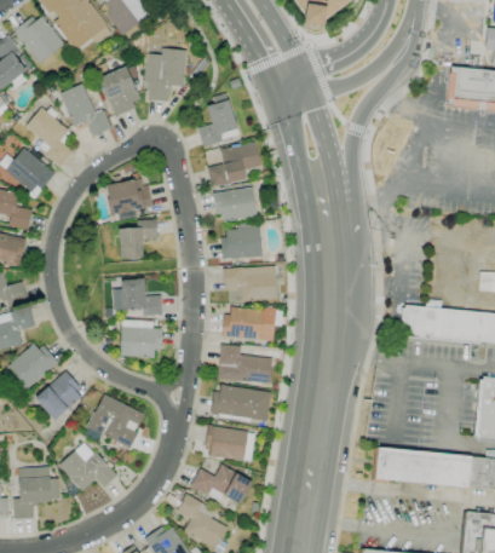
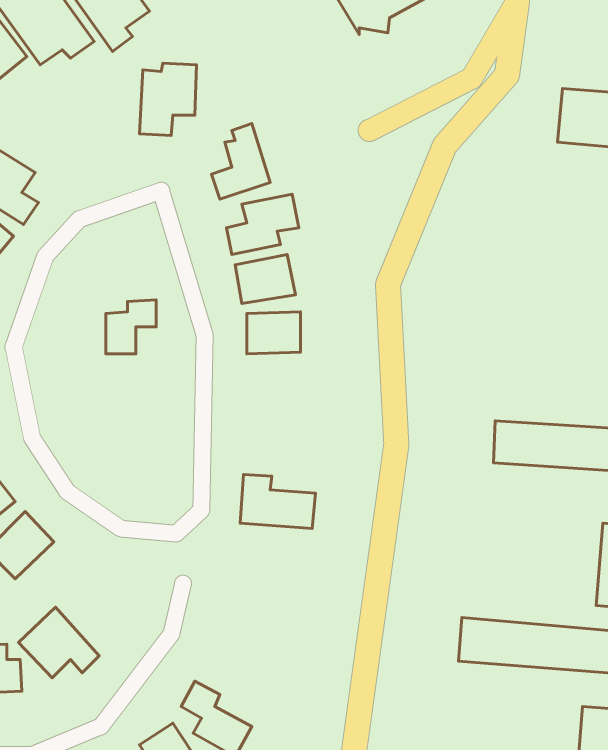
building: [98,67,142,115] -> none
building: [59,82,111,136] -> none
building: [107,179,150,213] -> none
building: [224,266,277,300] -> none
building: [113,278,162,315] -> none
building: [223,305,276,341] -> none
building: [120,321,160,358] -> none
building: [212,384,271,421] -> none
building: [87,394,145,447] -> none
building: [206,427,254,461] -> none
building: [190,463,253,503] -> none

